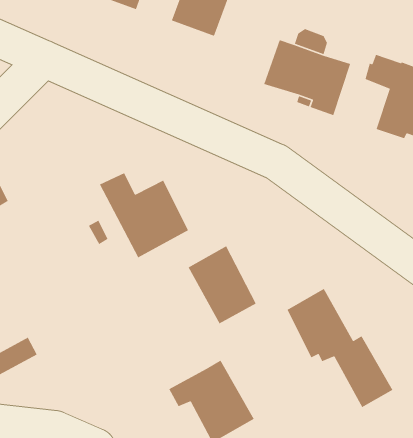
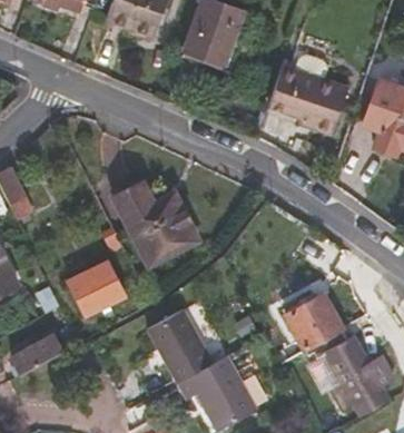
building: [187,245,257,324] -> [150,312,214,384]
building: none -> [68,262,125,316]

